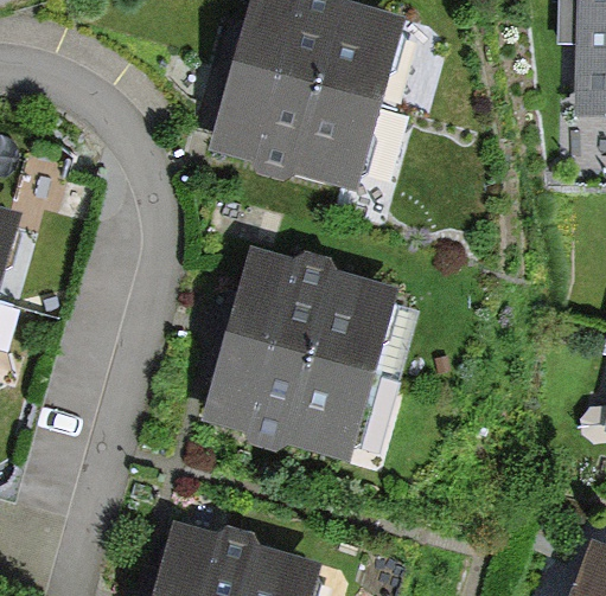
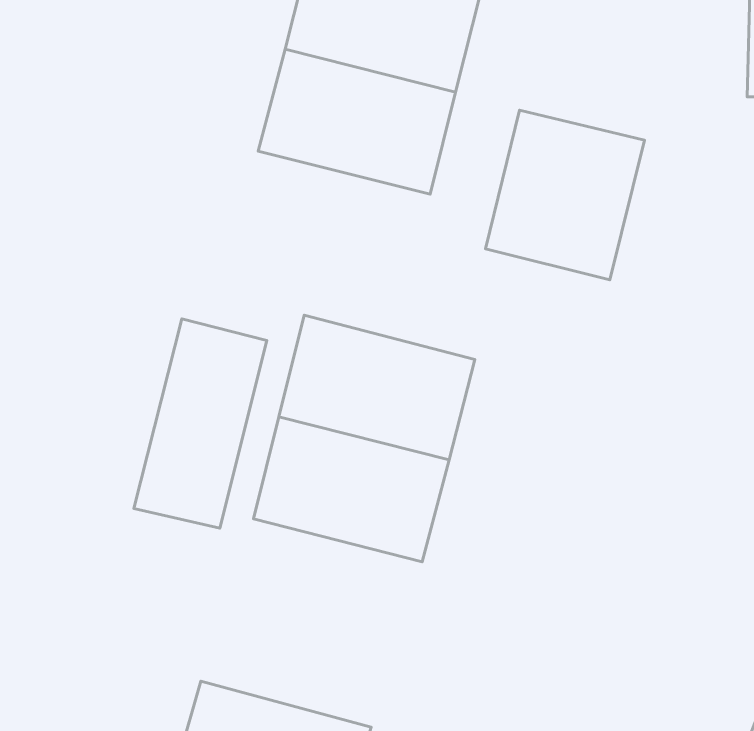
building: none -> [485,110,645,280]
building: none -> [134,319,267,528]

